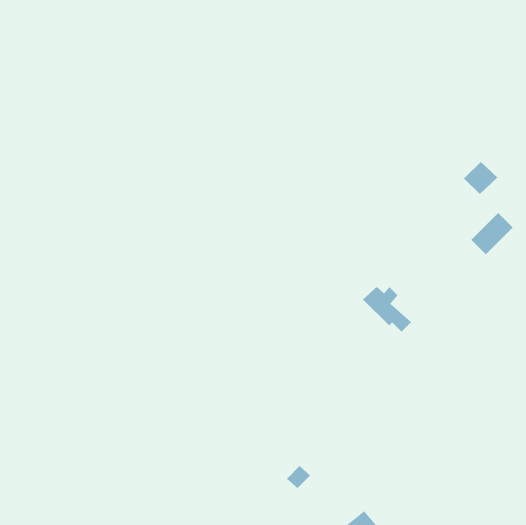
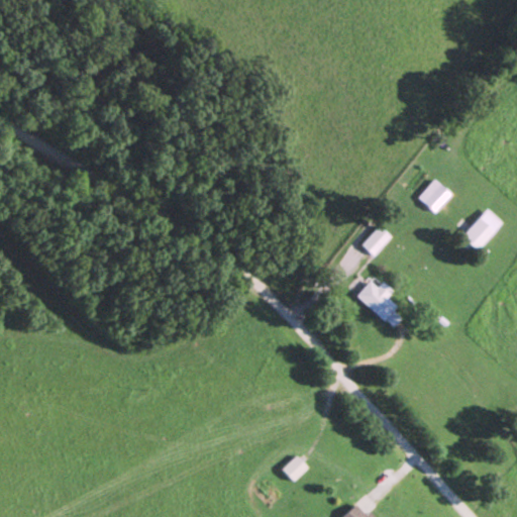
building: [463,161,498,195] -> [418,180,452,213]
building: none -> [361,226,391,256]

